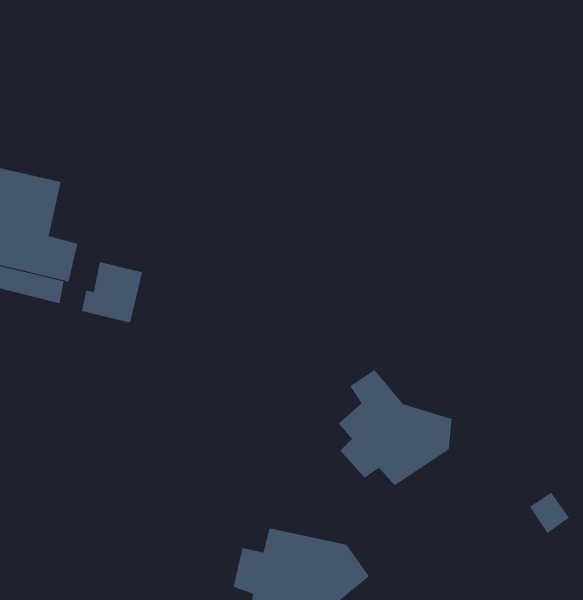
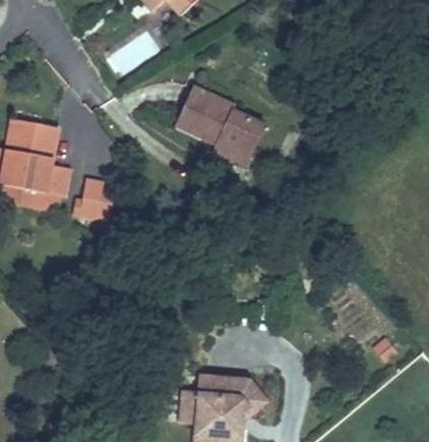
building: none -> [175,85,268,165]
building: [338,369,452,486] -> none

